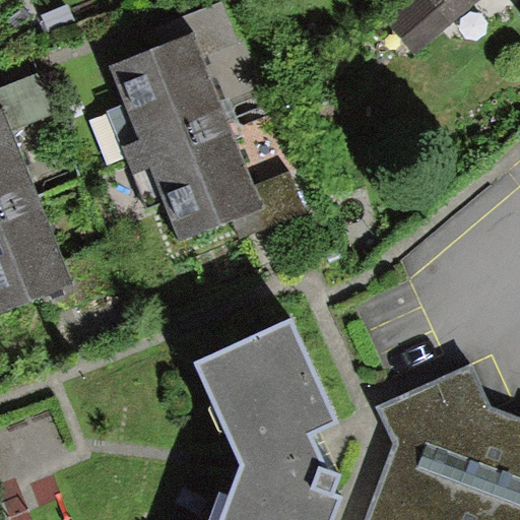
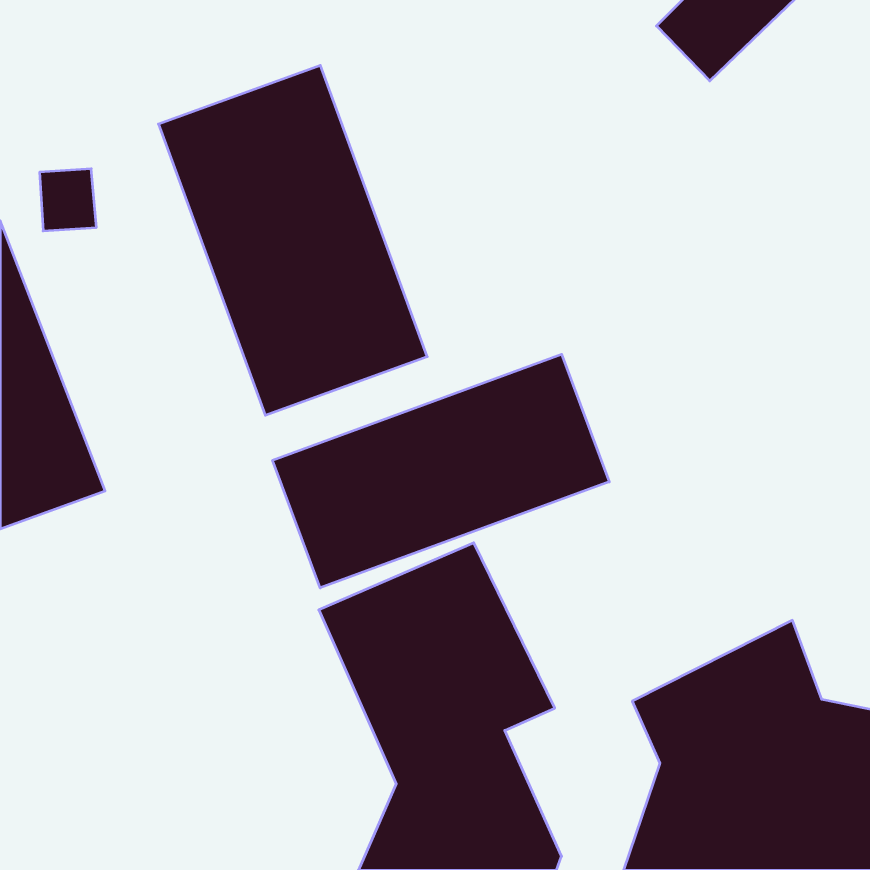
building: none -> [273,354,609,588]

